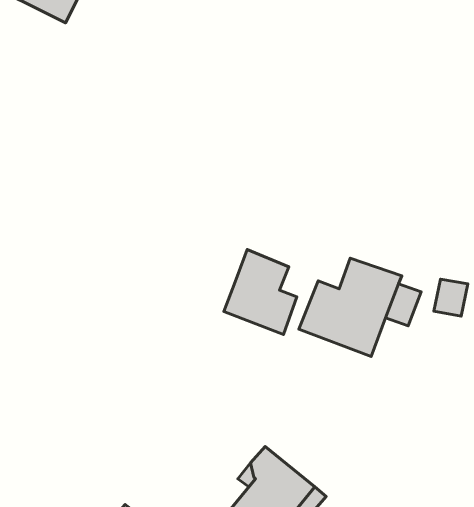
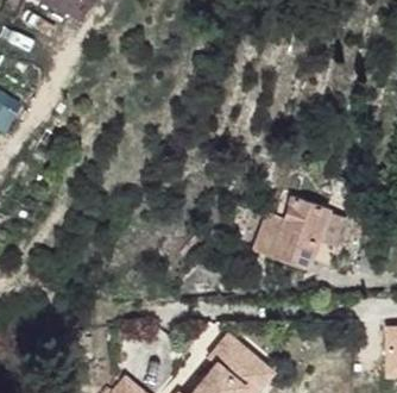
building: [224,249,297,334] -> none

